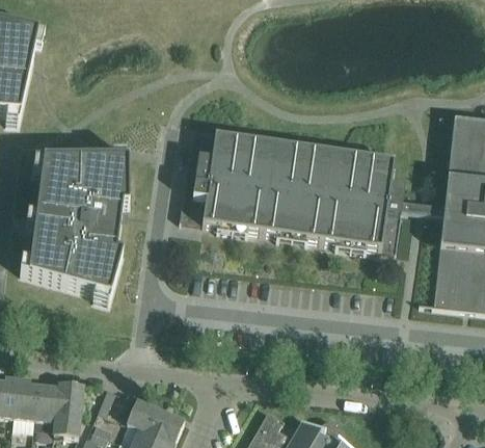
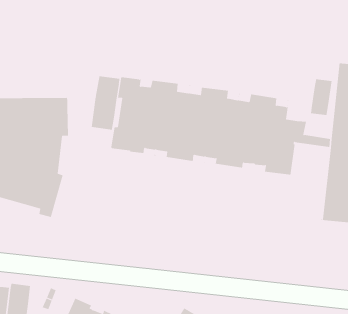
building: none -> [91,75,120,130]
building: none -> [311,78,332,116]

